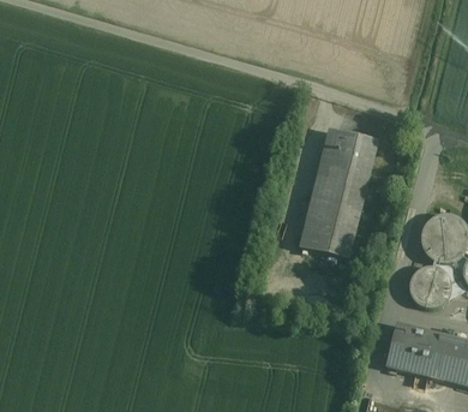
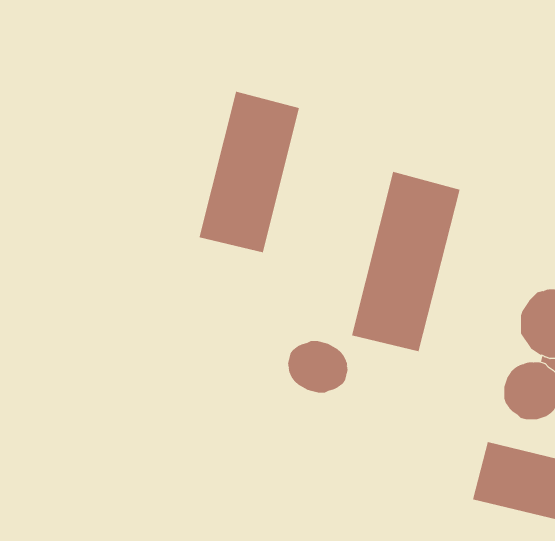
building: none -> [199,91,300,253]
building: none -> [288,340,348,394]

